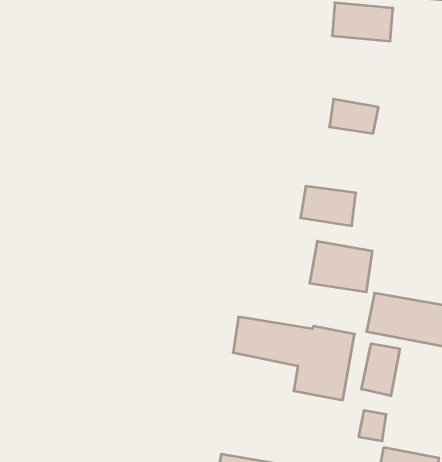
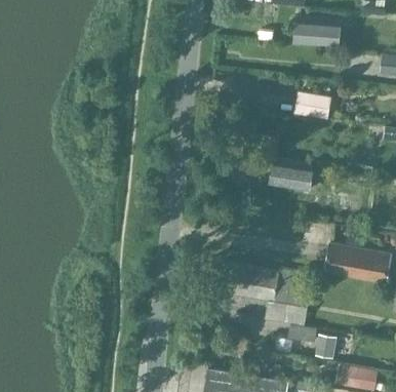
building: [310,241,372,292] -> none
building: [362,344,400,396] -> none

